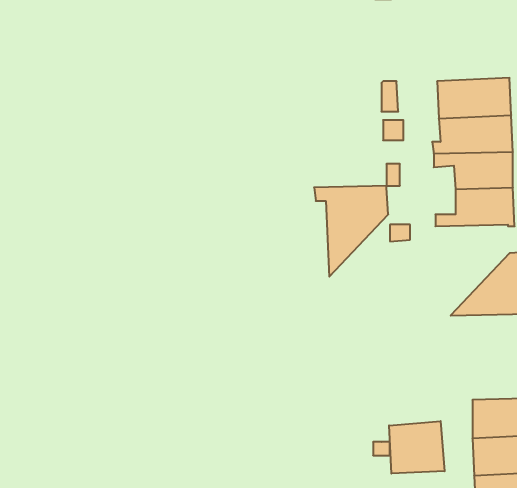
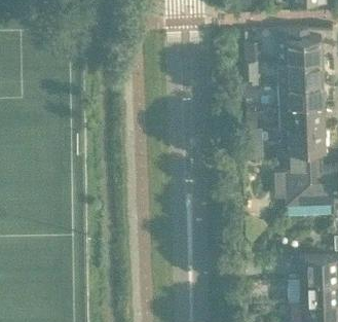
building: none -> [277,28,323,63]
building: [314,186,388,277] -> [277,150,323,206]
building: [389,421,445,474] -> none

